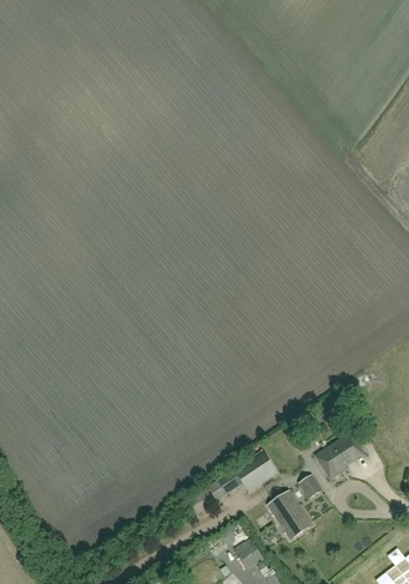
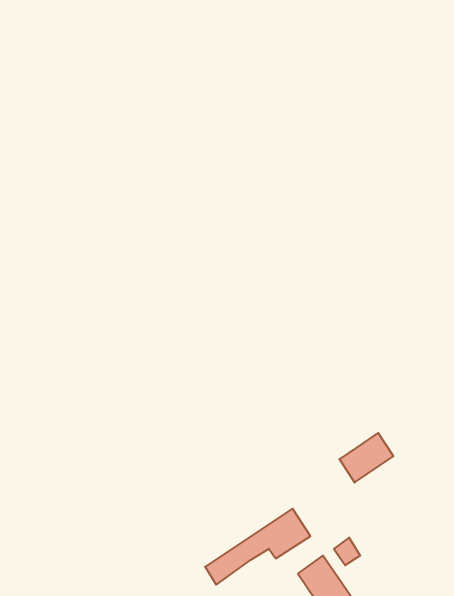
building: [315,433,362,476] -> [339,433,393,483]

